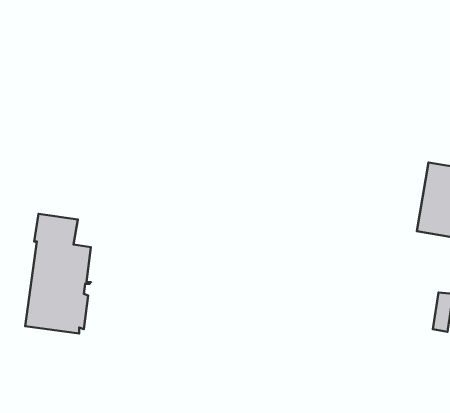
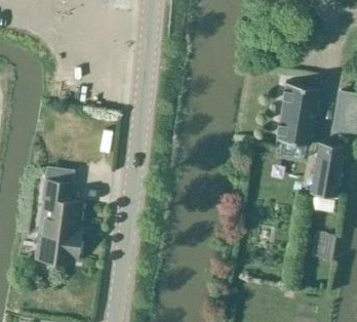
building: none -> [277,85,322,148]

